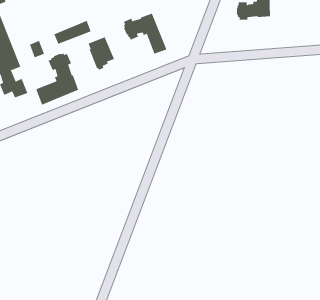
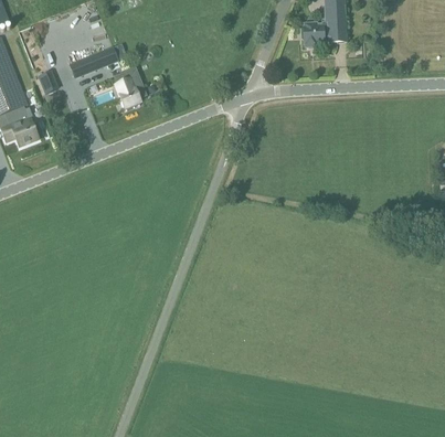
building: [123,13,167,54] -> none
building: [36,53,79,105] -> none

